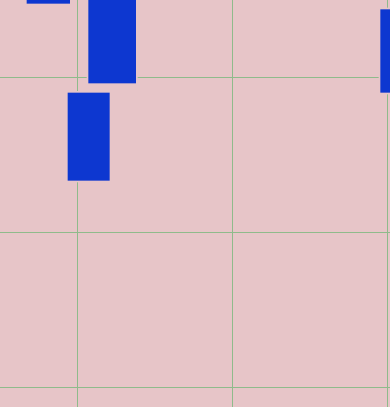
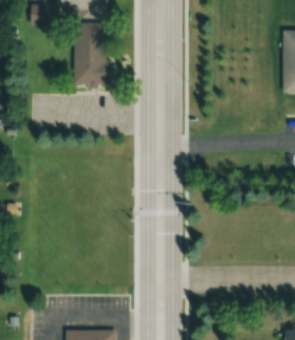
building: [67,92,110,181] -> none

